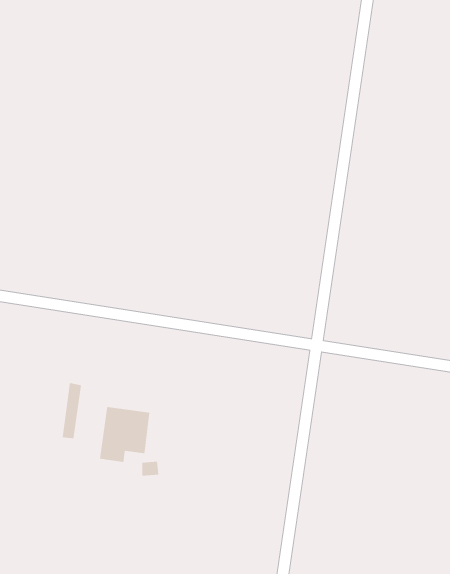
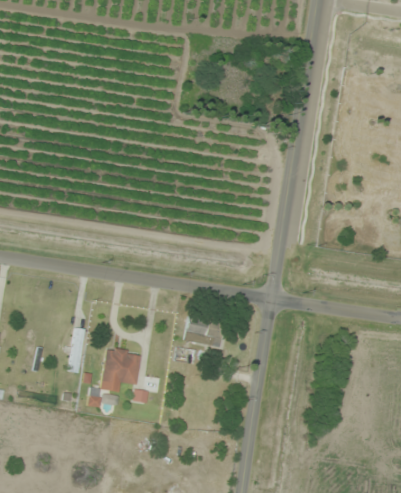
building: none -> [184,320,219,346]

